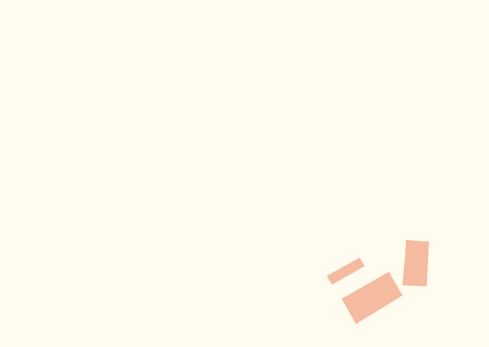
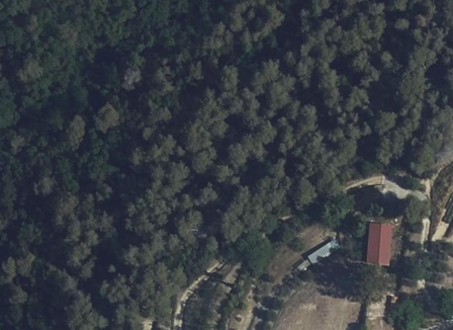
building: [340,270,404,325] -> none

